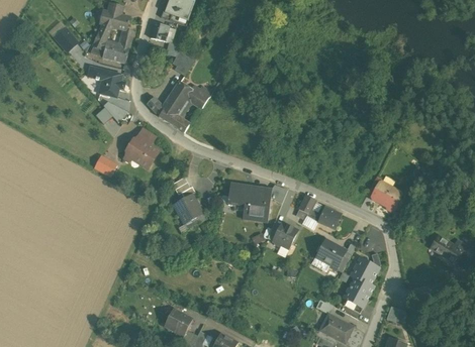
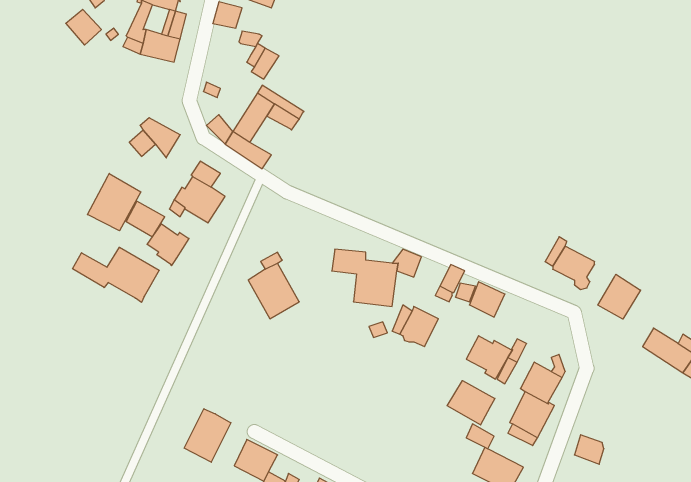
building: [89,66,123,96] -> none
building: none -> [87,173,141,231]
building: none -> [147,224,189,266]
building: none -> [73,247,159,302]
building: none -> [598,274,641,319]
building: none -> [447,381,495,425]
building: none -> [184,409,231,462]

